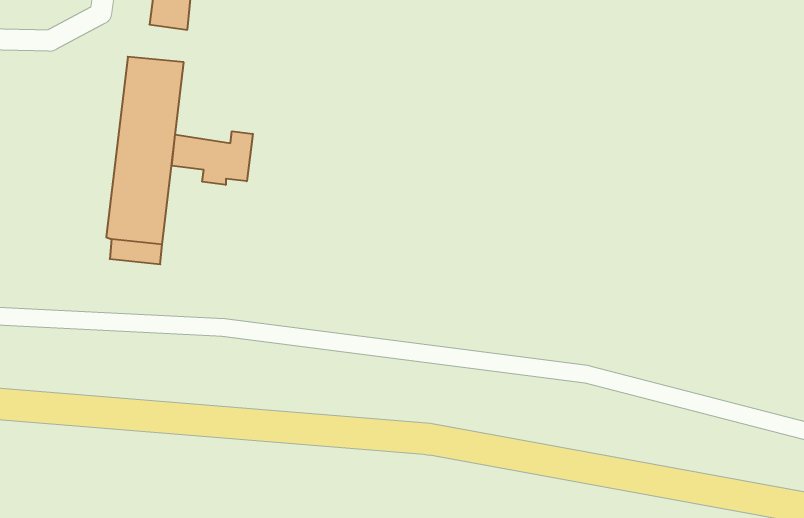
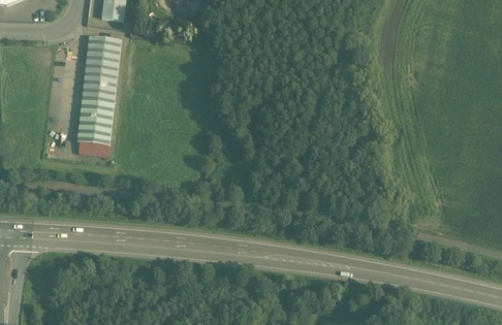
building: [172,131,253,185] -> none

